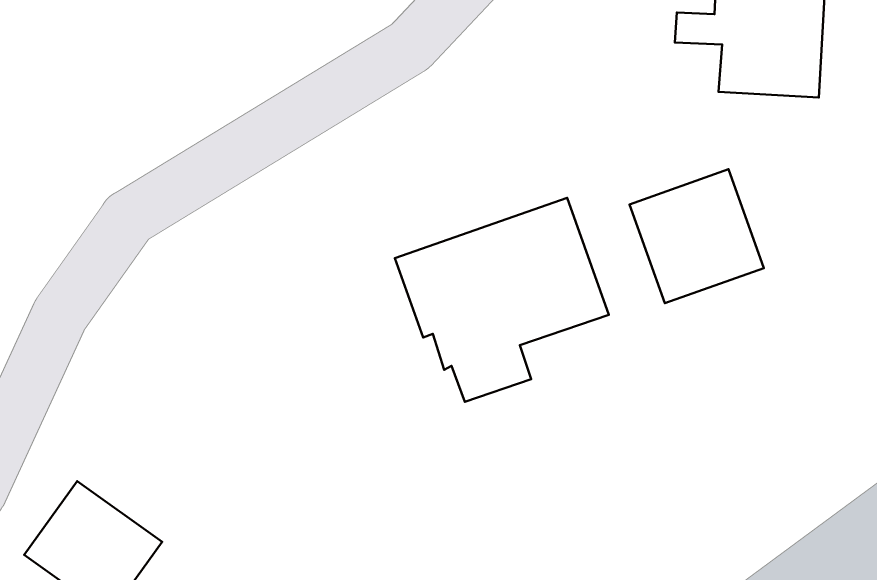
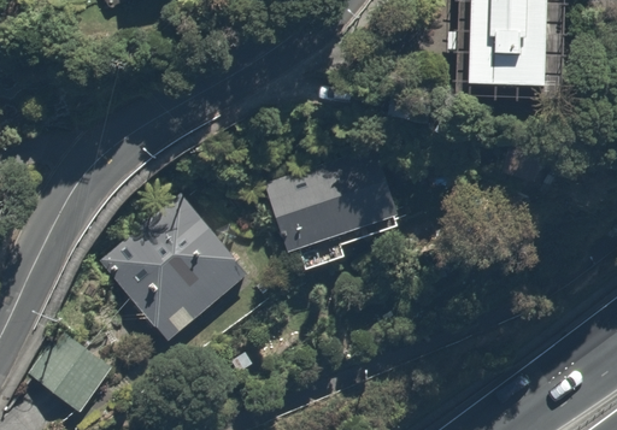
building: [629,169,764,303] -> none
building: none -> [105,201,253,337]

